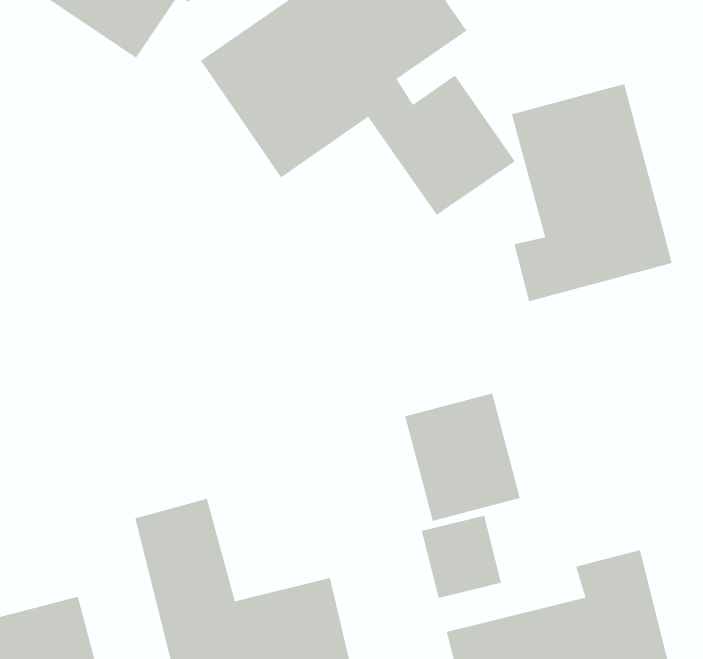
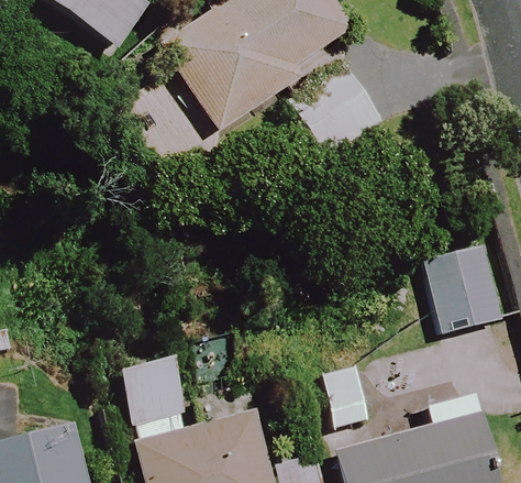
building: [511,83,673,302] -> none
building: [404,393,521,522] -> [422,241,505,332]

